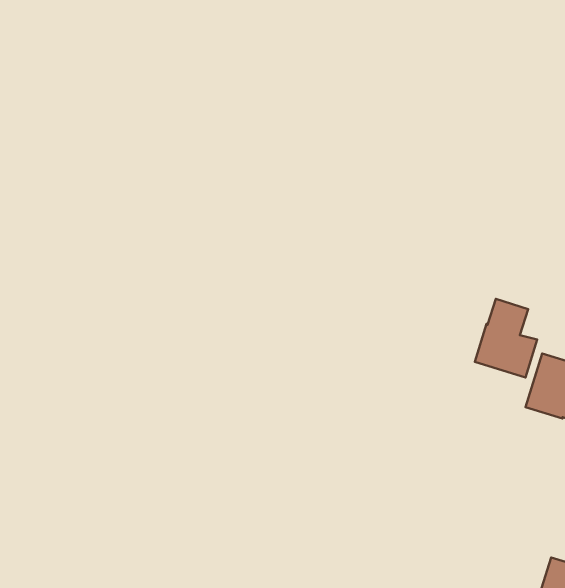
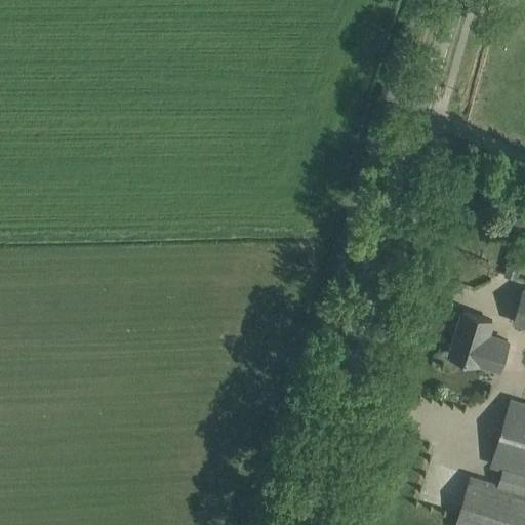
building: [475,299,537,377] -> none

